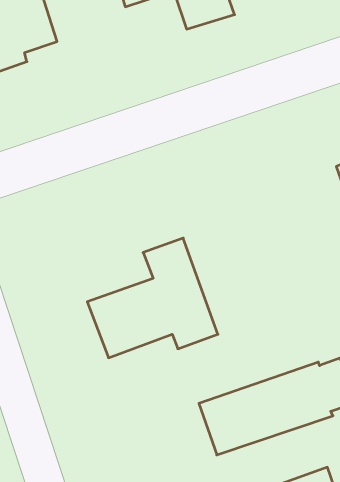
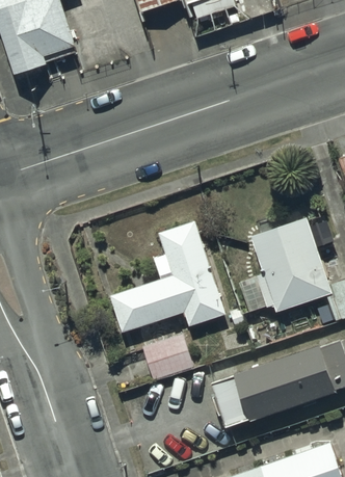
building: none -> [249,221,330,315]
building: none -> [141,330,196,380]

